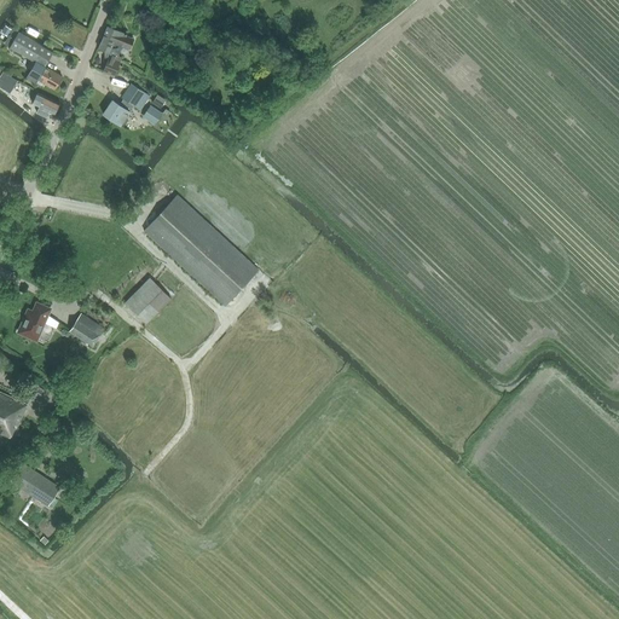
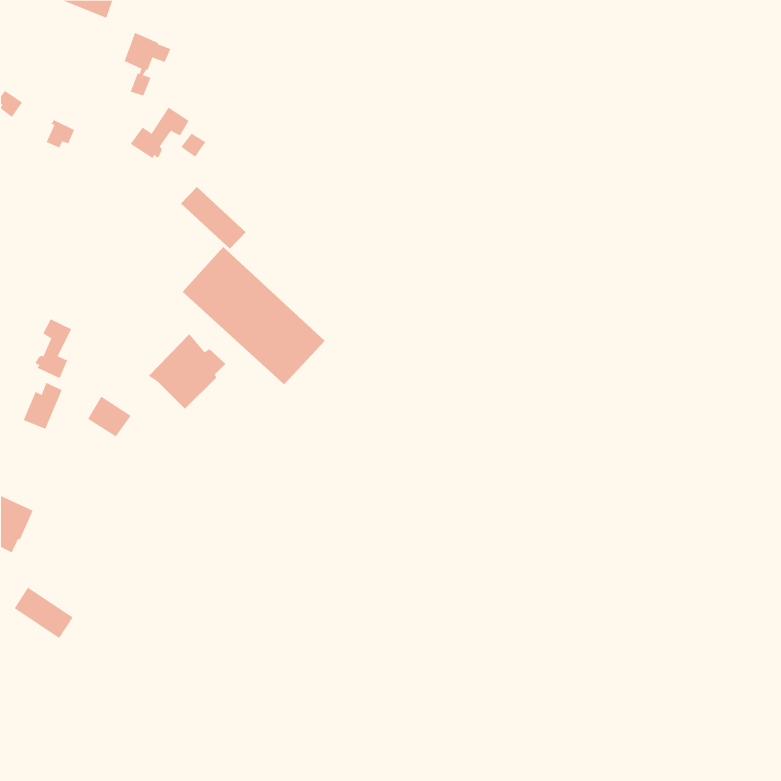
building: [10,33,62,88] -> none
building: none -> [180,186,247,249]
building: none -> [35,318,72,379]

